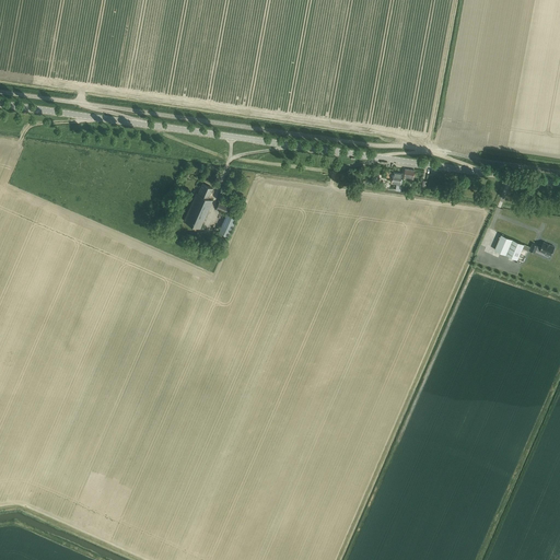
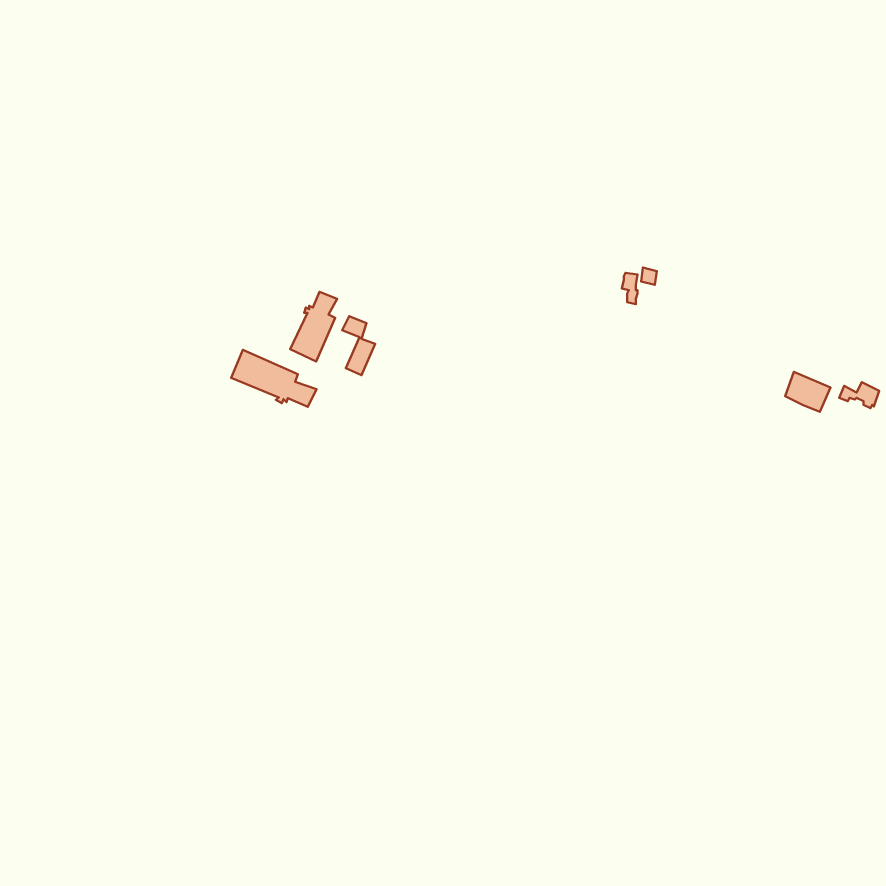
building: none -> [231,350,317,407]

